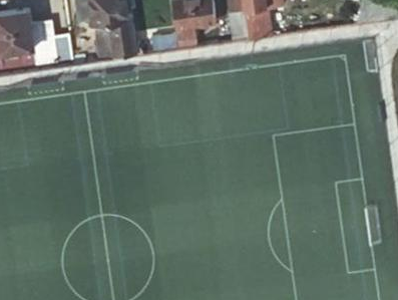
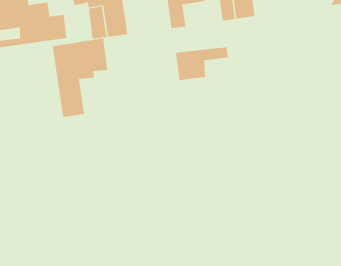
building: none -> [52,38,108,118]
building: none -> [175,46,228,81]

